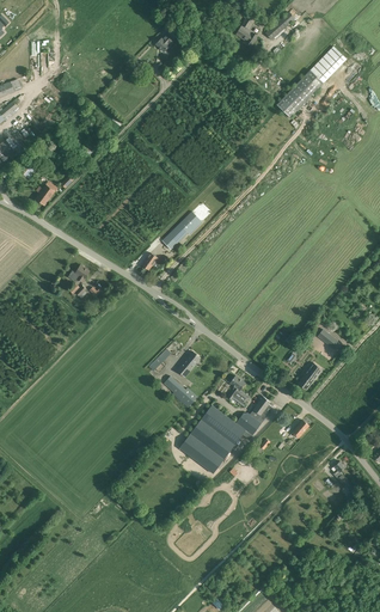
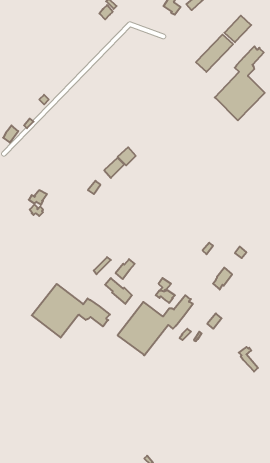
building: none -> [215,46,265,120]
building: none -> [32,284,110,338]

